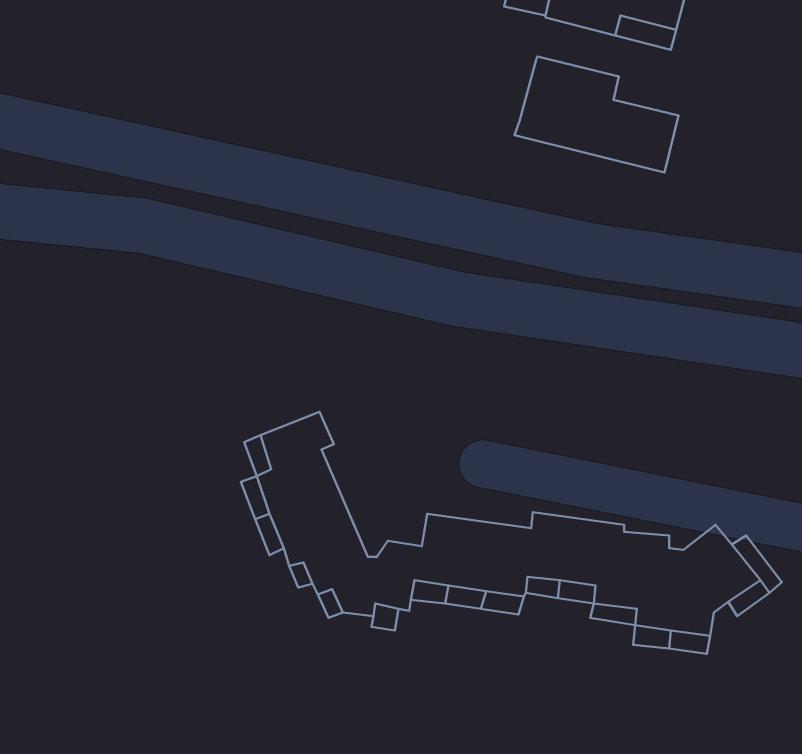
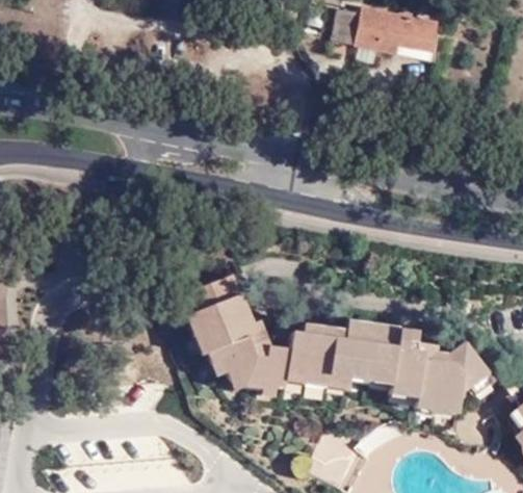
building: [515,57,678,173] -> none

